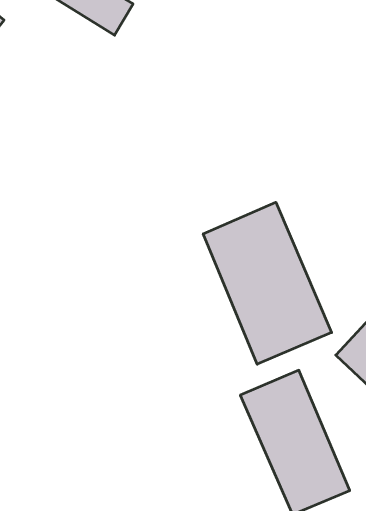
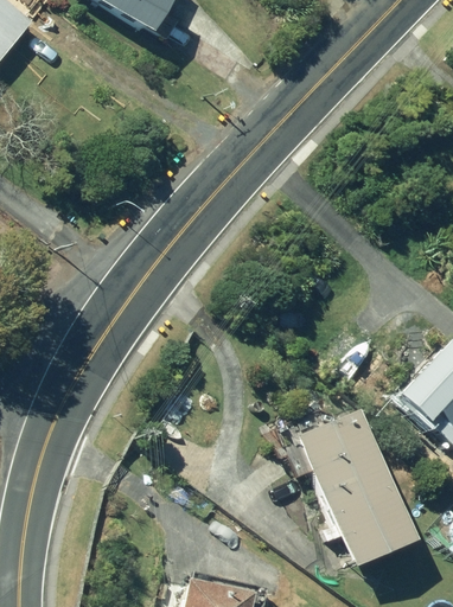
building: [203,202,332,364] -> none

